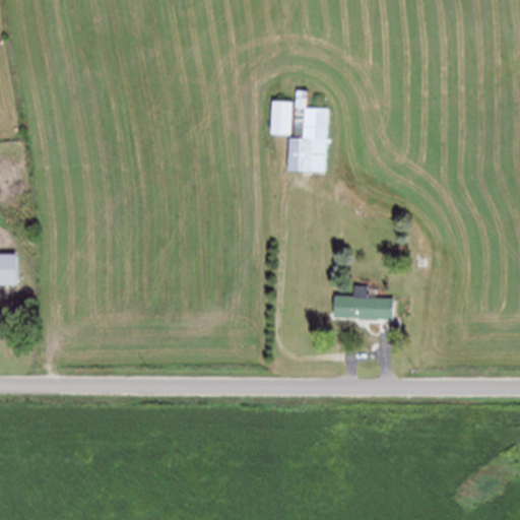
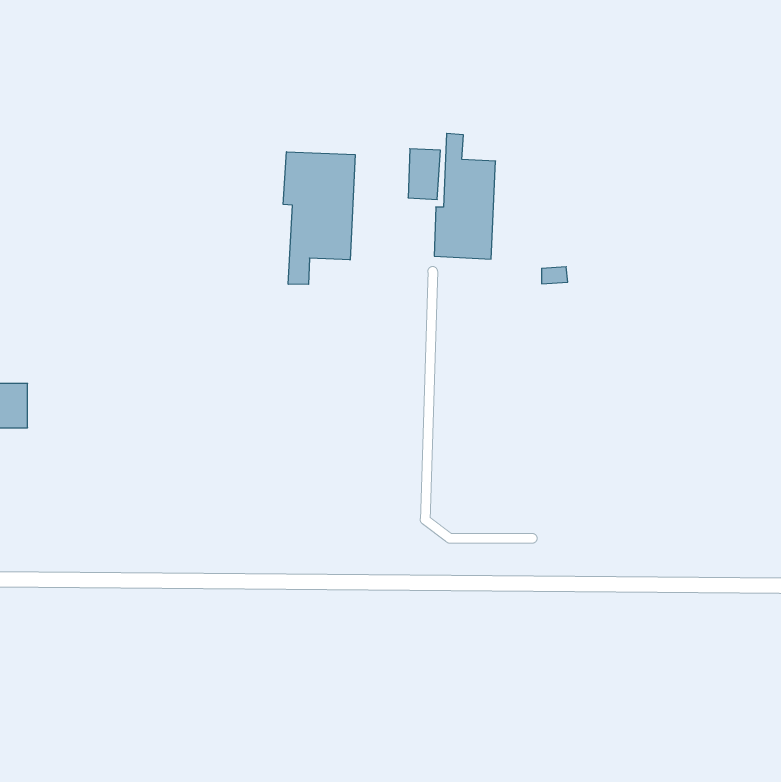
building: none -> [283,152,355,284]
building: [335,285,392,319] -> none

